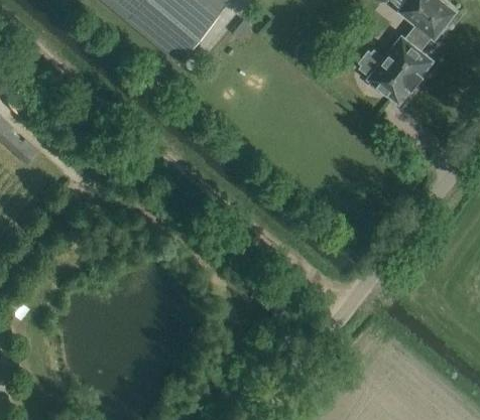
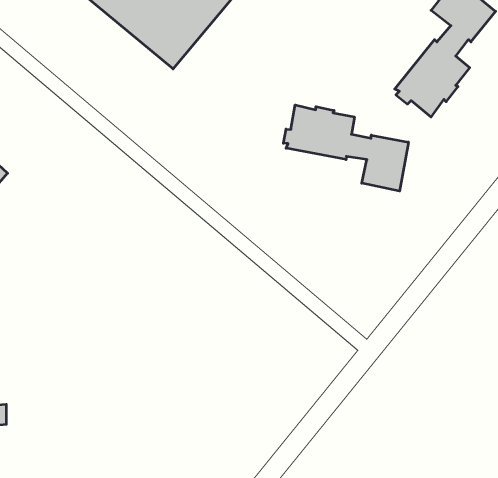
building: none -> [283,105,408,191]

